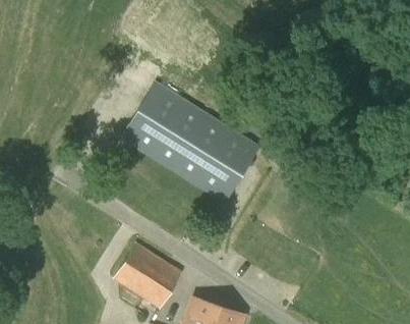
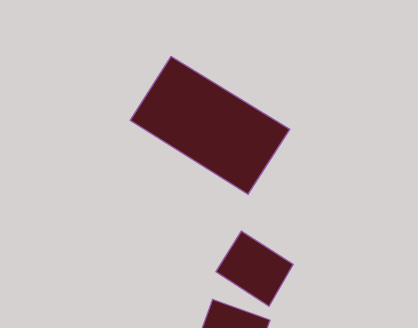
building: [114,242,182,309] -> [216,231,293,306]

